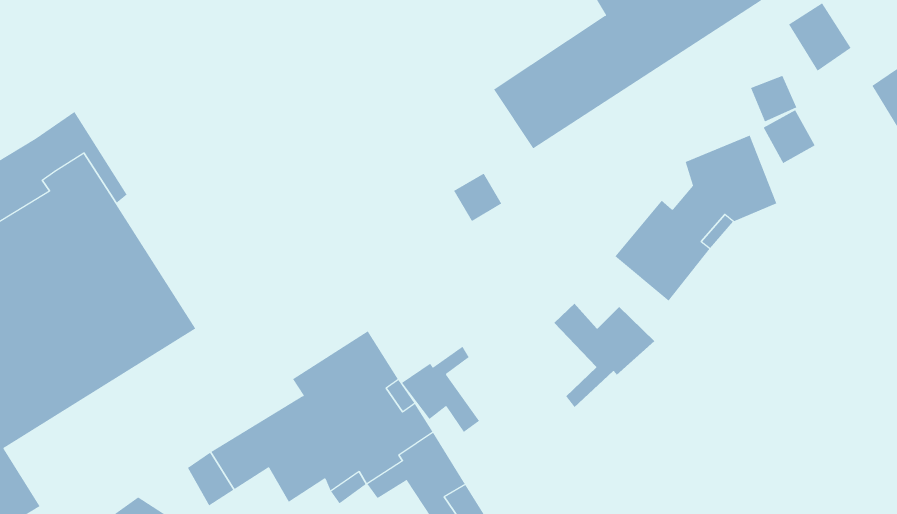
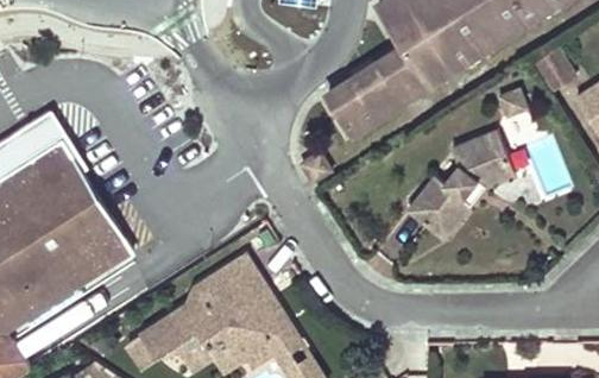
building: [553,303,655,408] -> none
building: [401,346,480,433] -> none

